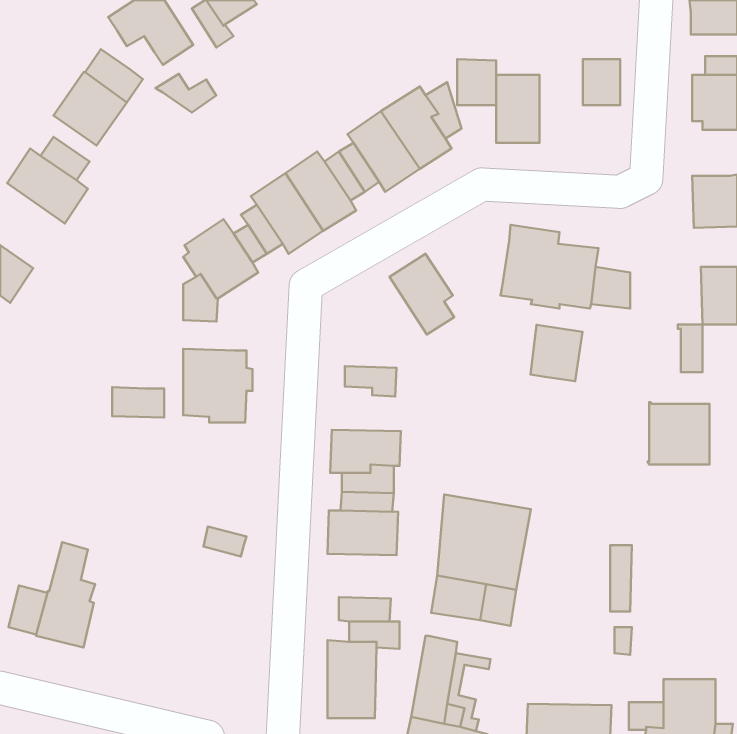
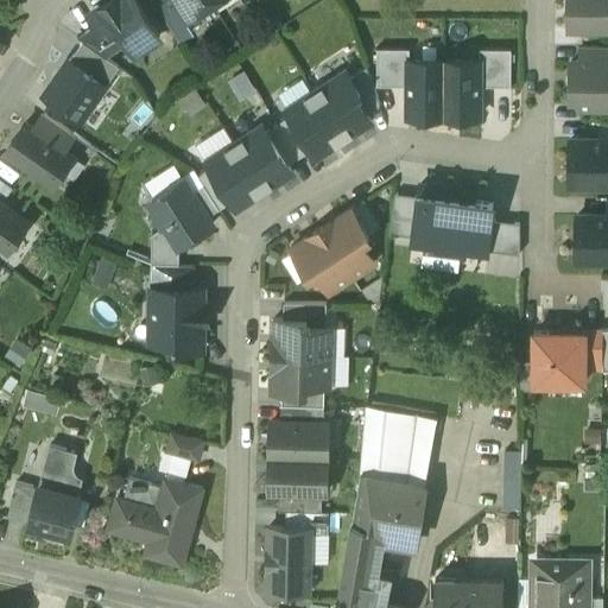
building: [156,74,216,113] -> [77,27,127,59]
building: none -> [444,64,480,120]
building: none -> [390,197,419,240]
building: none -> [291,230,352,292]
building: [678,324,702,372] -> [582,331,602,370]
building: [531,325,582,381] -> none
building: none -> [273,321,330,357]
building: [112,387,164,417] -> [151,266,194,291]
building: none -> [270,458,327,495]
building: none -> [108,481,202,565]
building: none -> [353,507,420,546]

